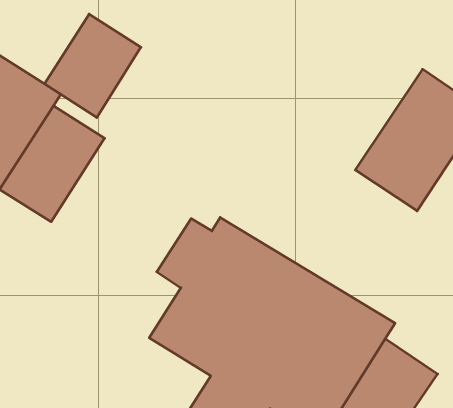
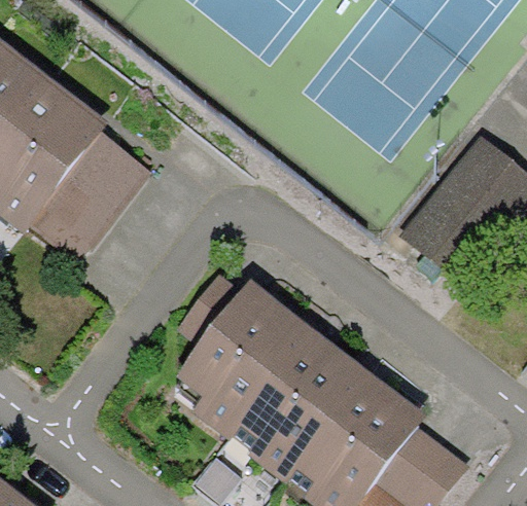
building: [45,14,141,118] -> none

